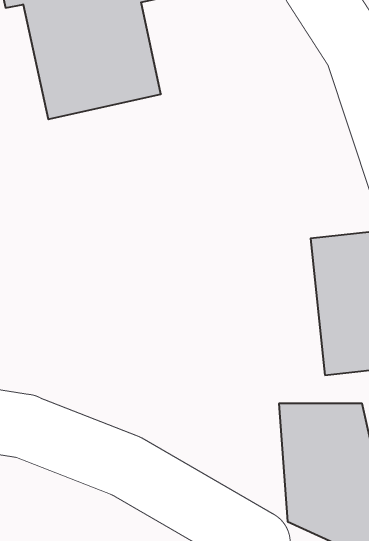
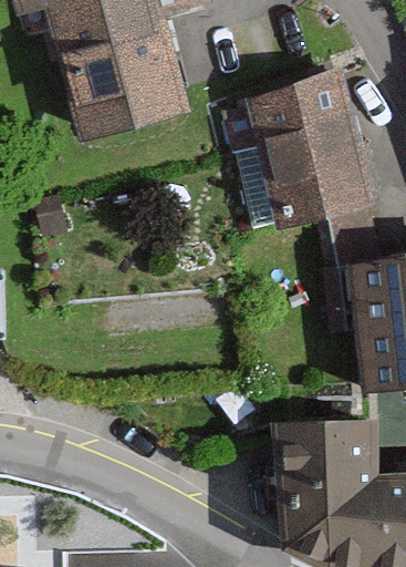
building: none -> [230,72,364,227]

